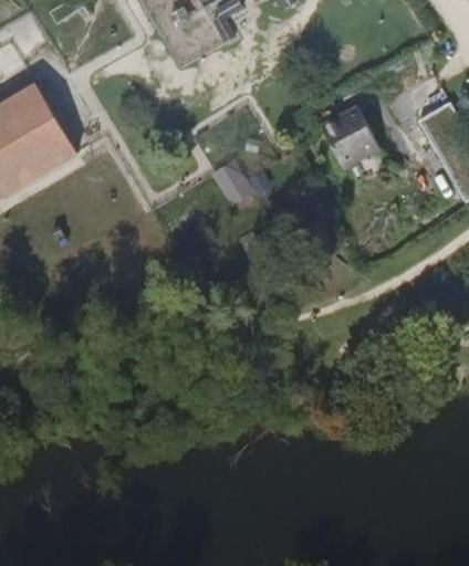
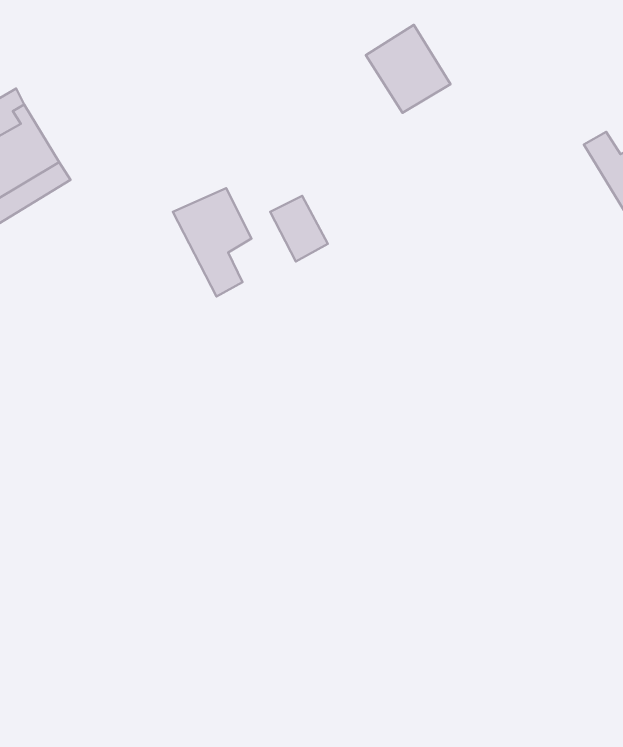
building: [313,109,372,170] -> [366,25,450,113]
building: none -> [173,188,252,297]

